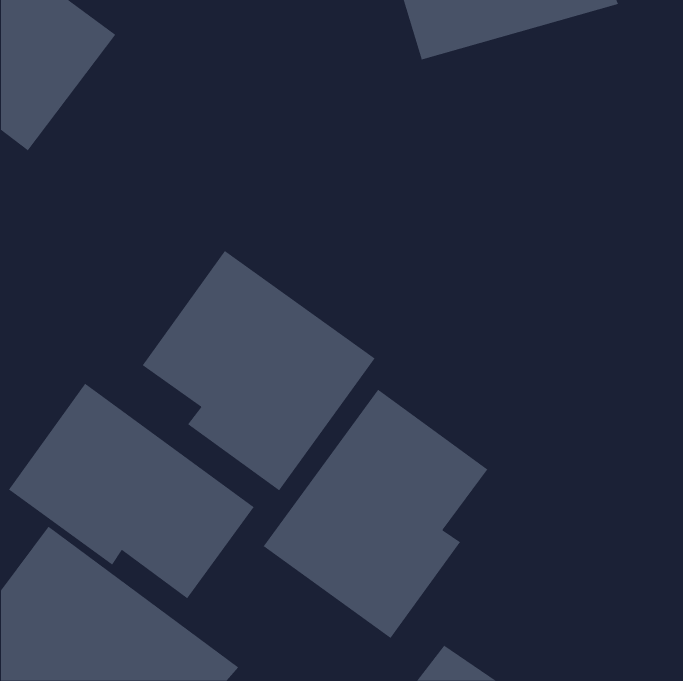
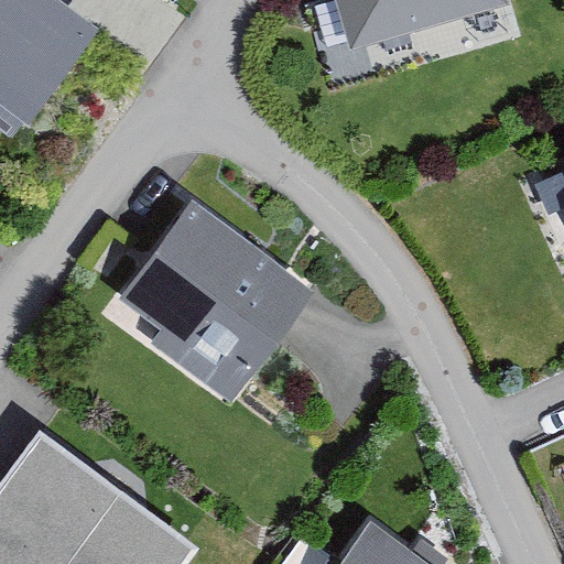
building: [8,383,255,599] -> none
building: [263,389,488,639] -> none

